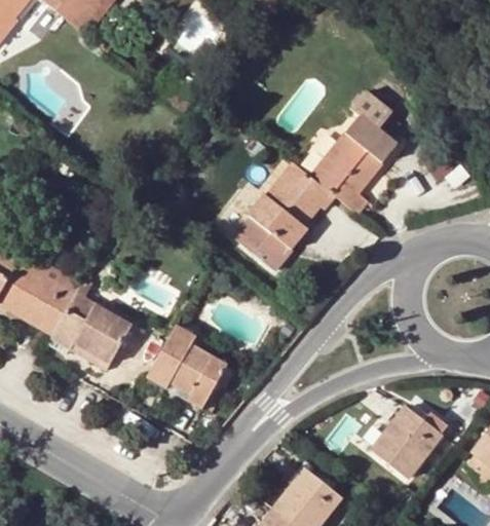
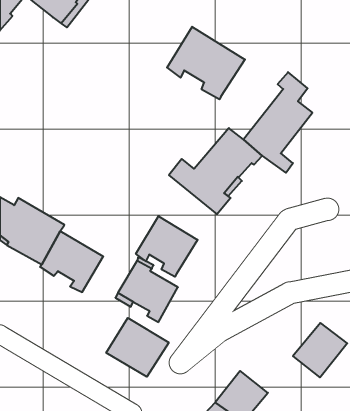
building: none -> [167,27,245,99]
building: none -> [136,216,198,277]
building: none -> [106,318,169,377]

